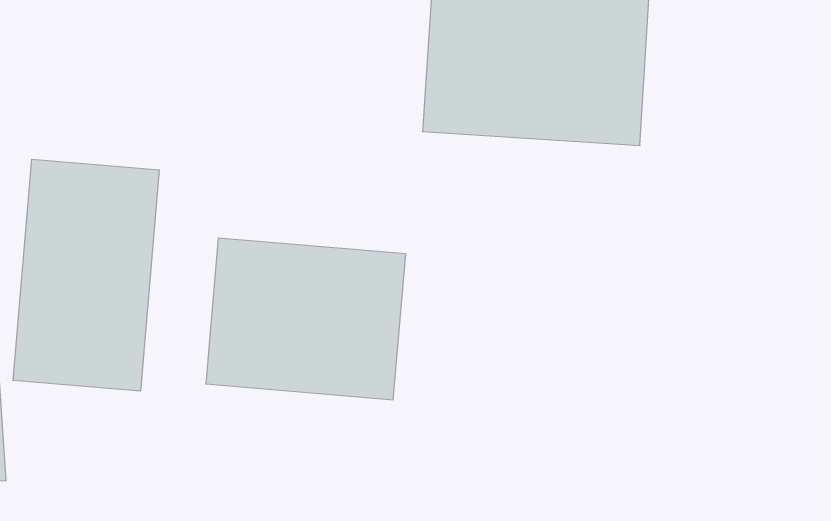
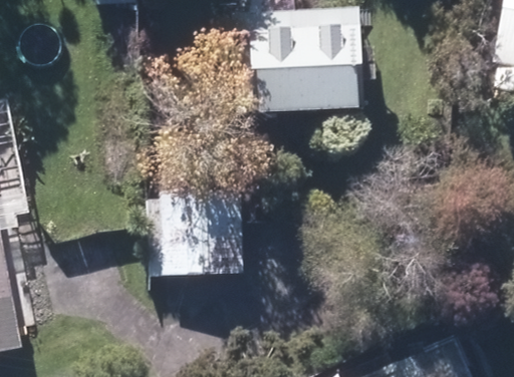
building: [13,159,159,391] -> none

